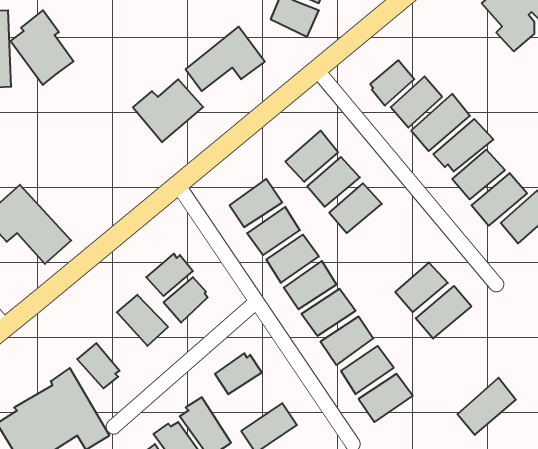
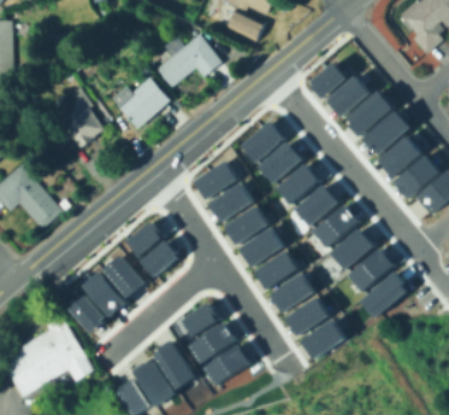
building: [11,10,74,85] -> [54,87,106,148]
building: none -> [294,185,337,226]
building: none -> [312,204,356,247]
building: none -> [82,270,125,316]
building: none -> [189,322,235,363]
building: [457,378,516,435] -> [360,270,408,317]

